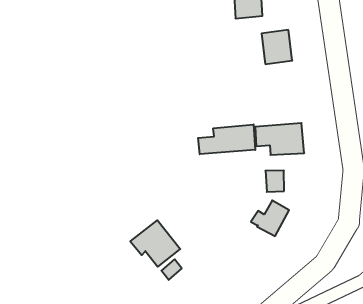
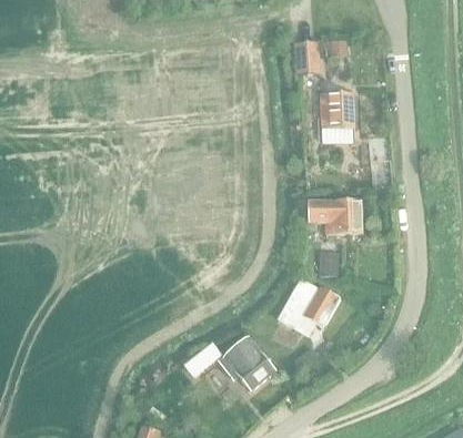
building: [198,124,255,154] -> none
building: [130,220,180,267] -> [219,337,275,390]

